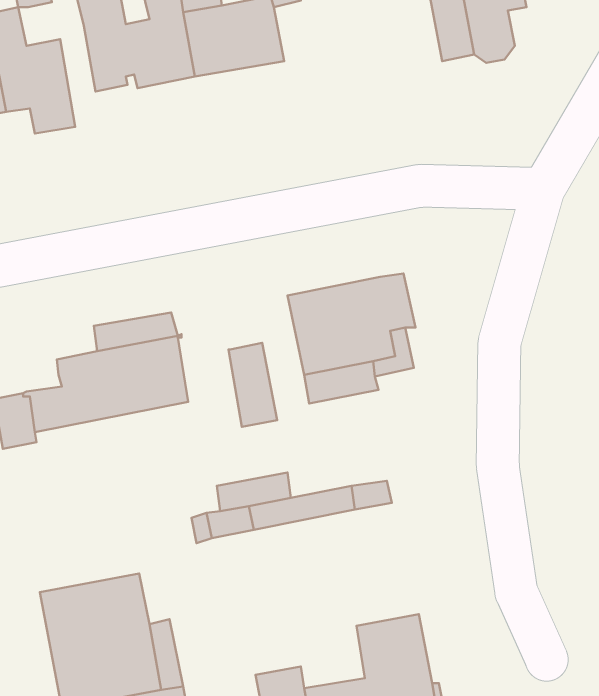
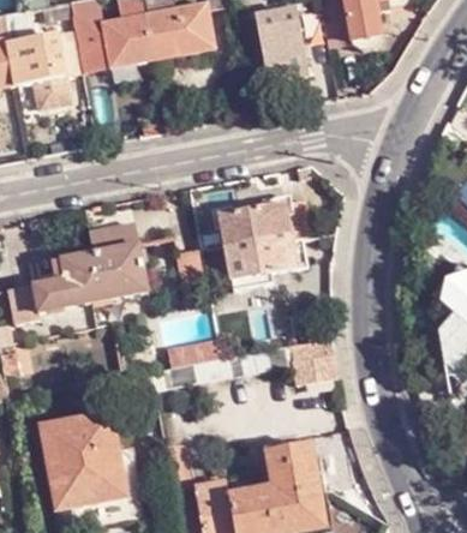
building: none -> [253,8,309,82]

